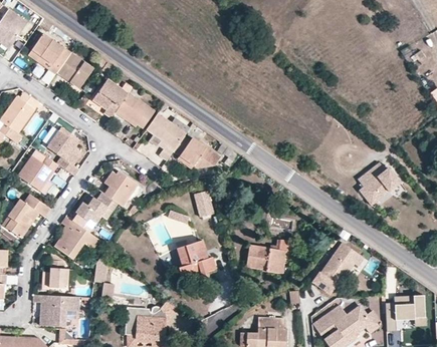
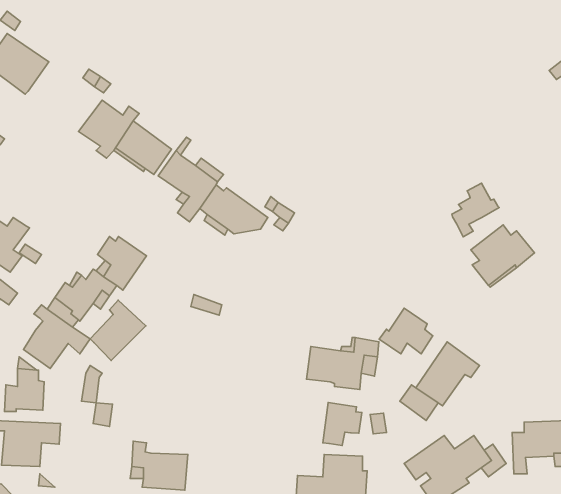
building: [57,52,93,88] -> none
building: [46,127,82,177] -> none
building: none -> [452,183,499,237]
building: [194,191,215,219] -> none
building: none -> [90,300,146,360]
building: none -> [379,308,433,354]
building: [176,239,215,279] -> none
building: none -> [323,403,362,446]

